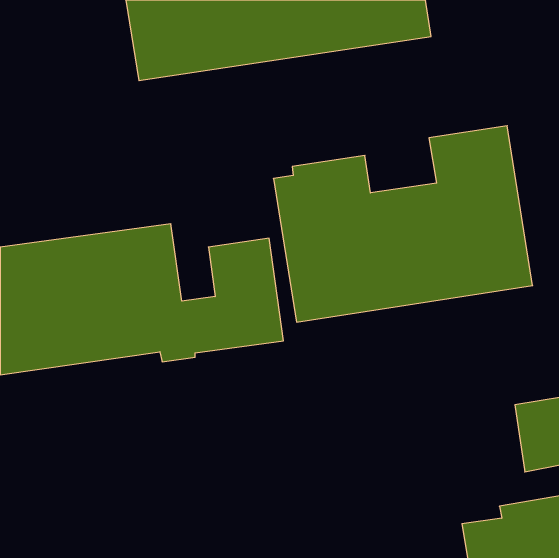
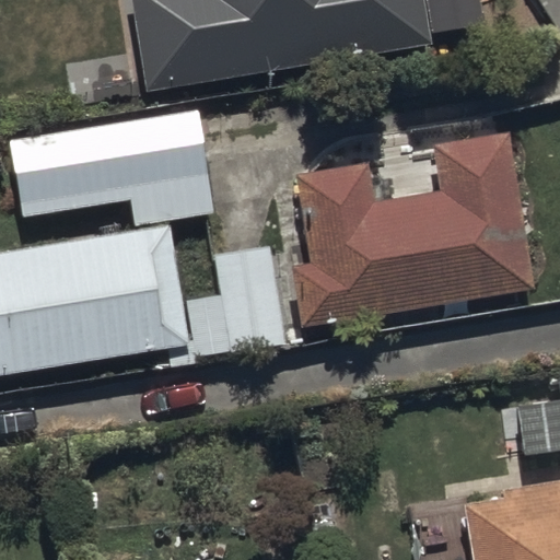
building: none -> [11,107,217,224]

